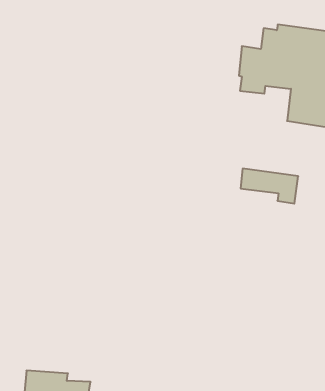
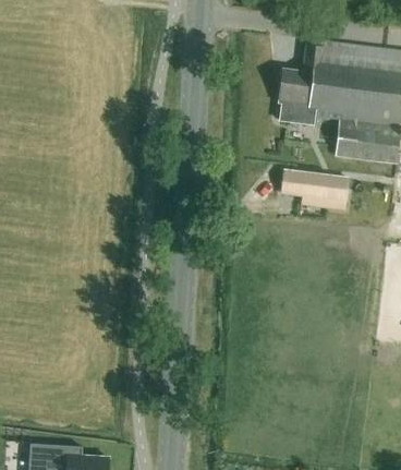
building: [241,169,298,204] -> [281,170,348,210]

